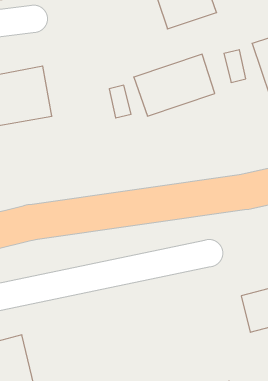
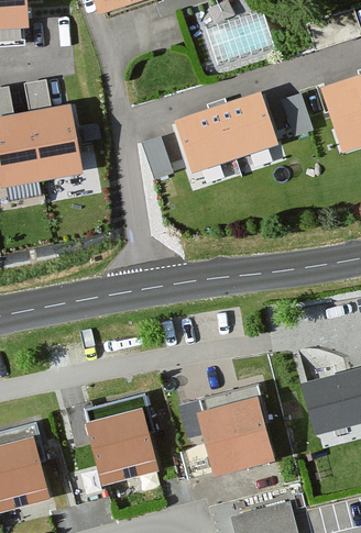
building: none -> [207,402,277,476]
building: none -> [94,411,164,484]

